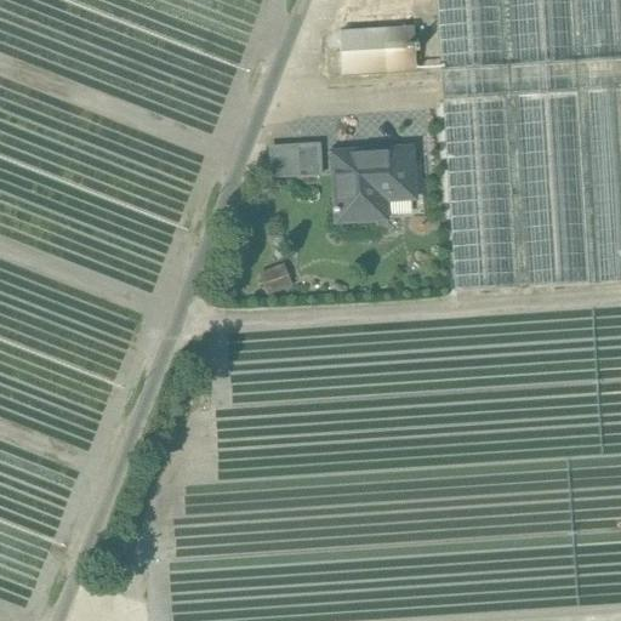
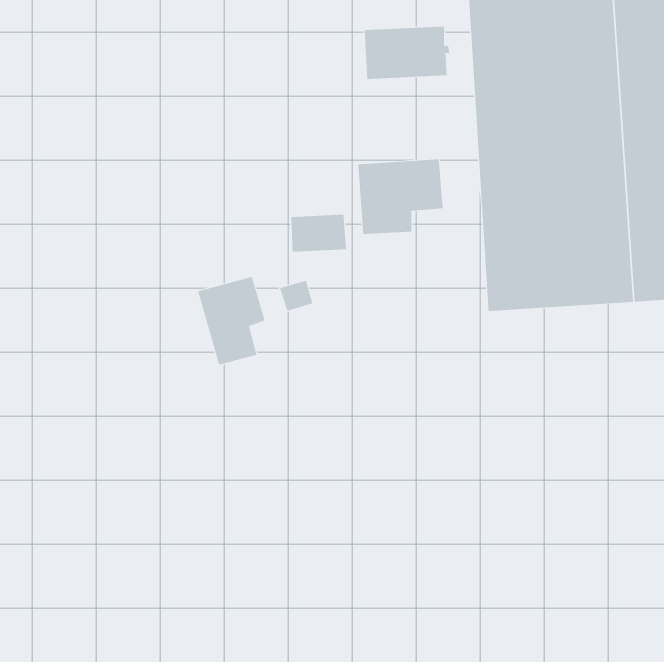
building: [272,139,324,175] -> [291,214,347,252]
building: none -> [198,276,265,365]

